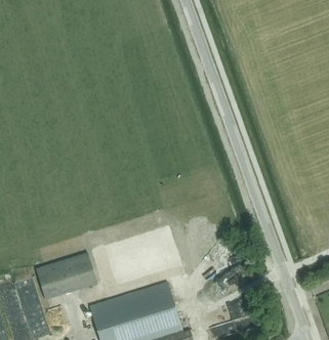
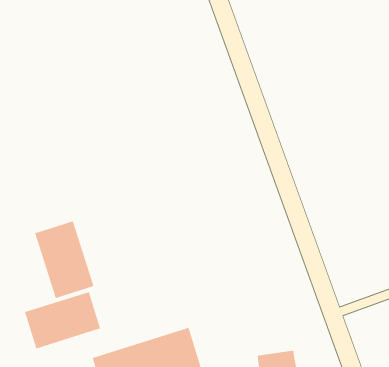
building: none -> [35,221,94,299]

